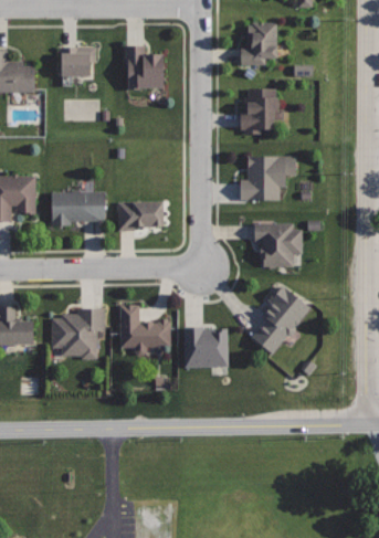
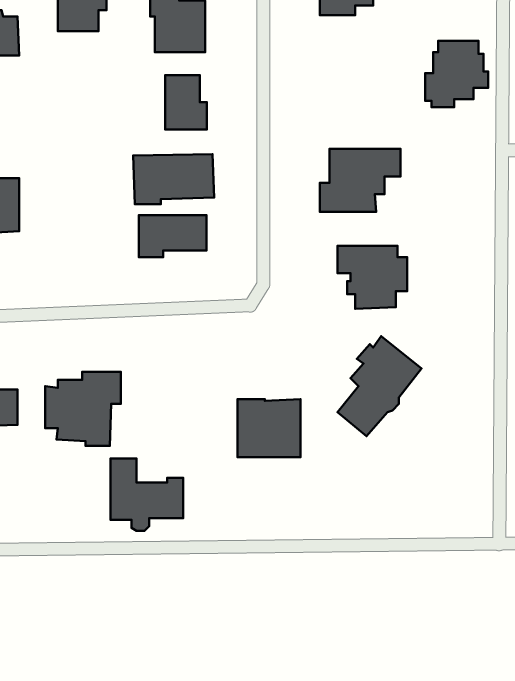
building: [240,89,283,135] -> [425,41,488,107]
building: none -> [165,75,207,130]
building: [51,192,106,226] -> [133,154,214,204]
building: [120,306,170,356] -> [110,458,183,531]

